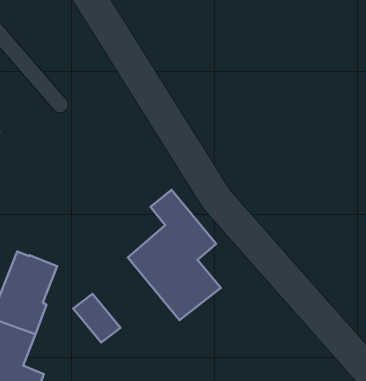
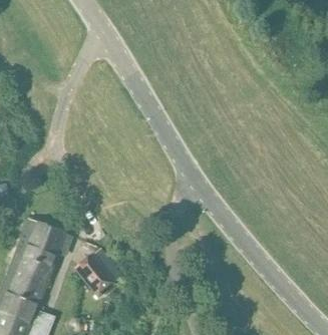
building: [128,190,221,320] -> none

